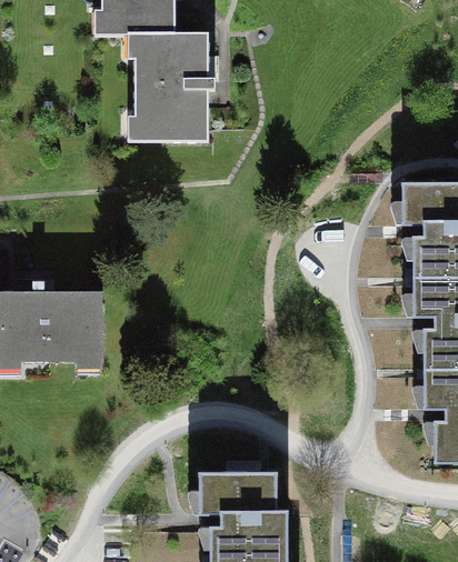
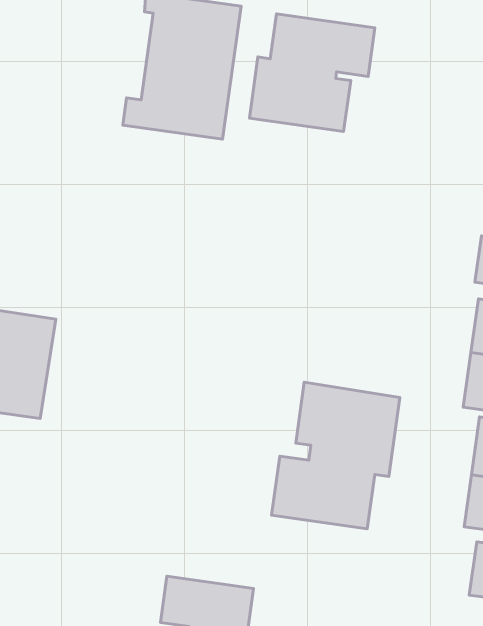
building: none -> [249,14,375,132]
building: none -> [271,382,400,529]

